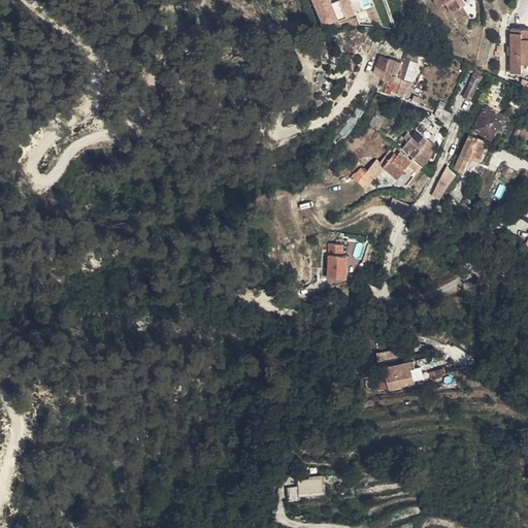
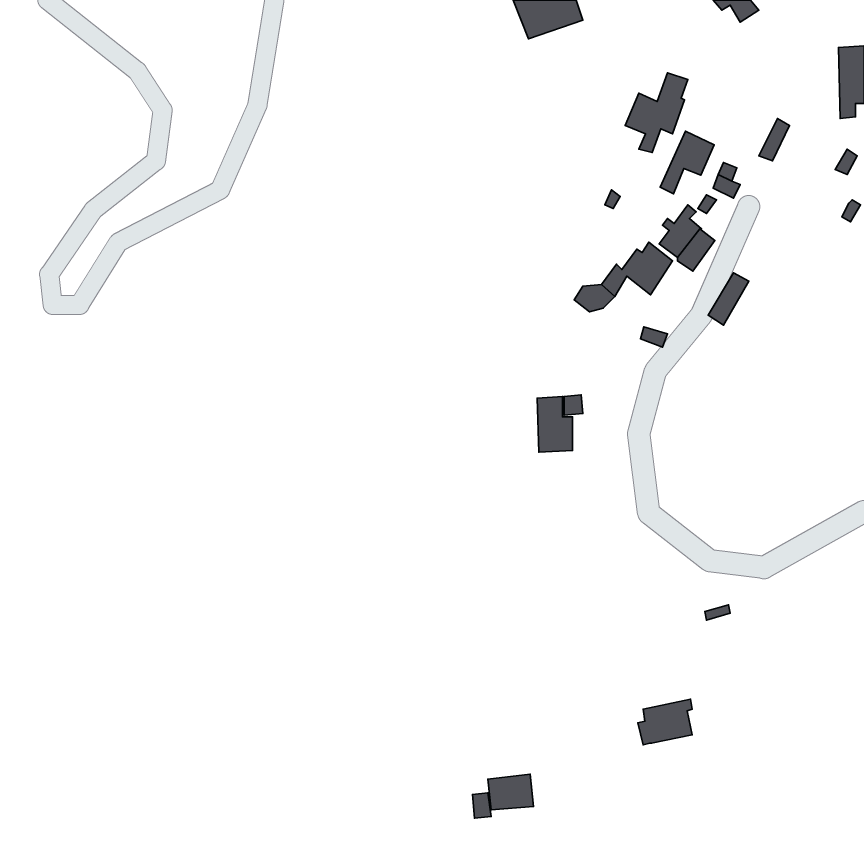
building: [472,107,501,137] -> none
building: [454,135,487,173] -> [660,131,714,194]
building: [381,363,414,391] -> [638,699,692,745]

